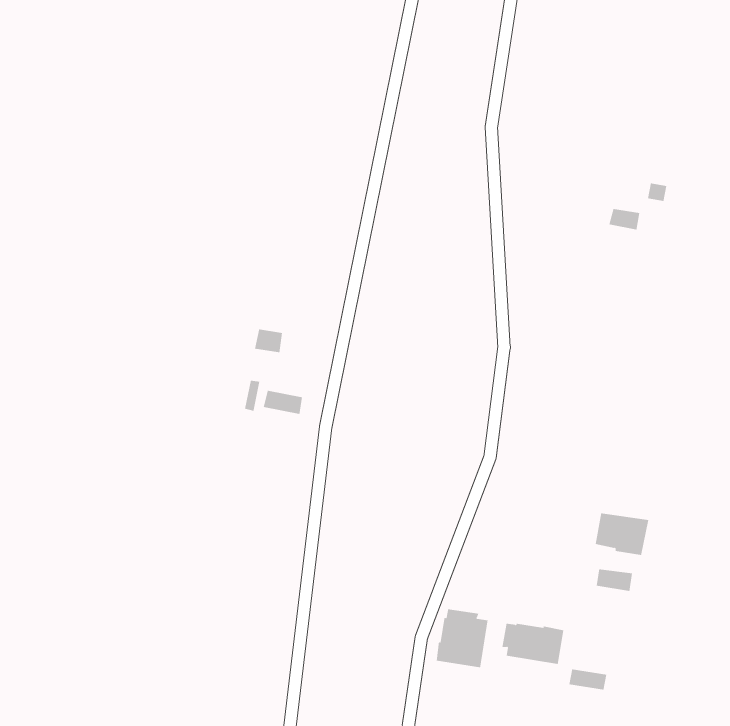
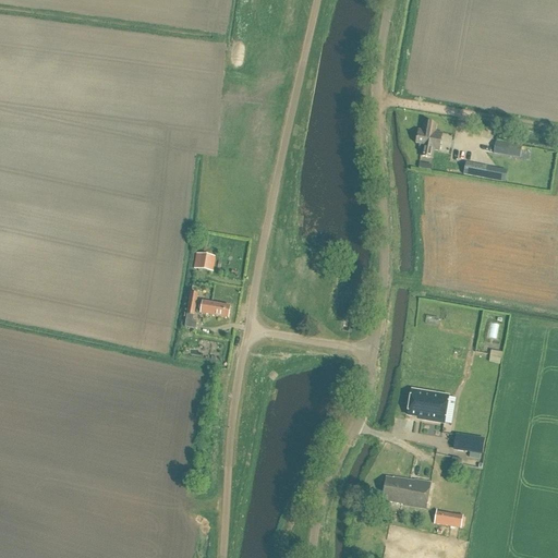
building: none -> [416,118,442,155]
building: [595,513,649,556] -> [408,389,449,422]
building: [436,608,488,668] -> none

